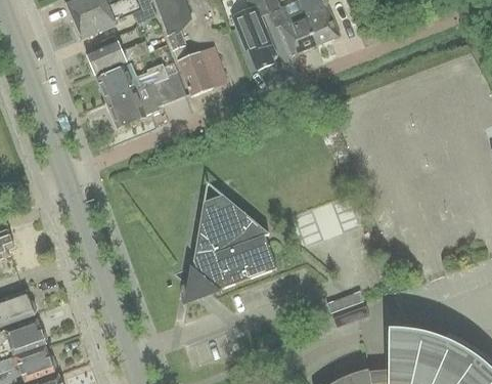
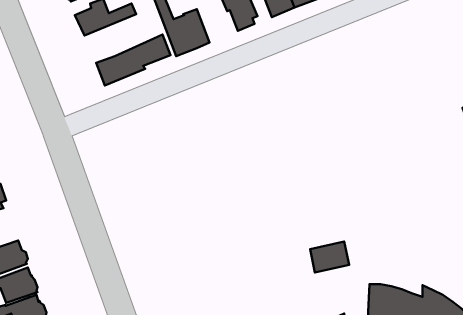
building: [96,63,168,103] -> none
building: [186,196,276,302] -> none

